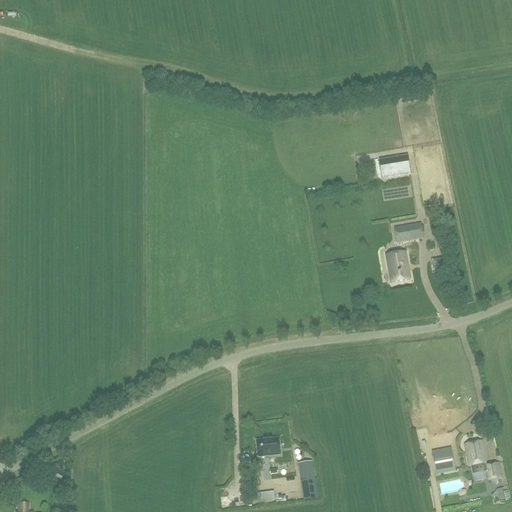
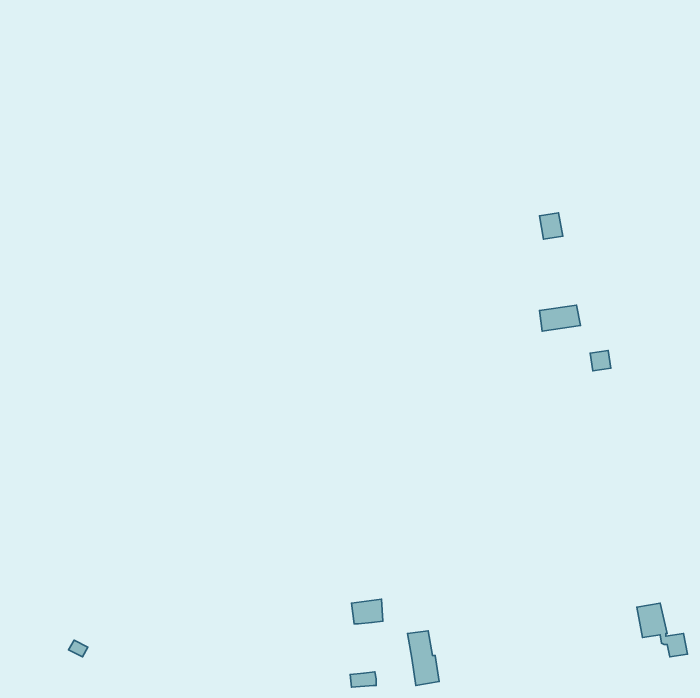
building: [386,250,409,280] -> none
building: [431,446,455,473] -> none

